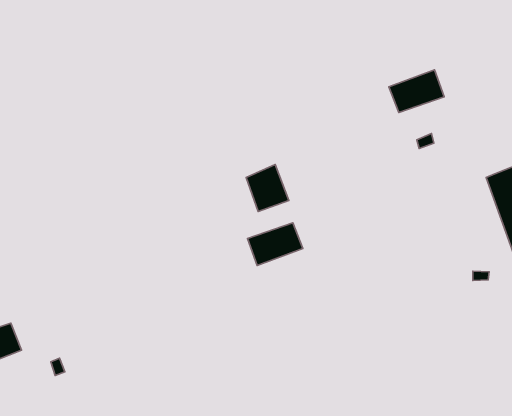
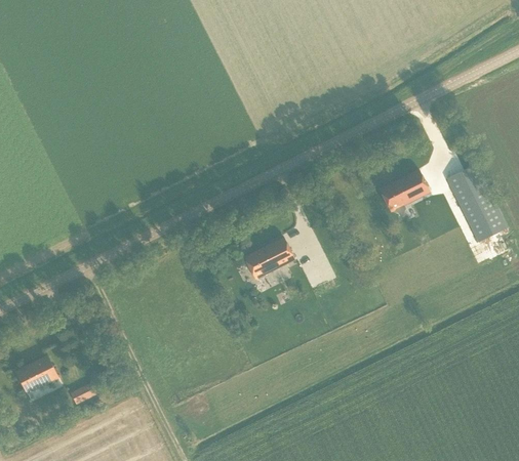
building: [389,70,444,113] -> [380,172,429,213]
building: [246,165,289,212] -> none

